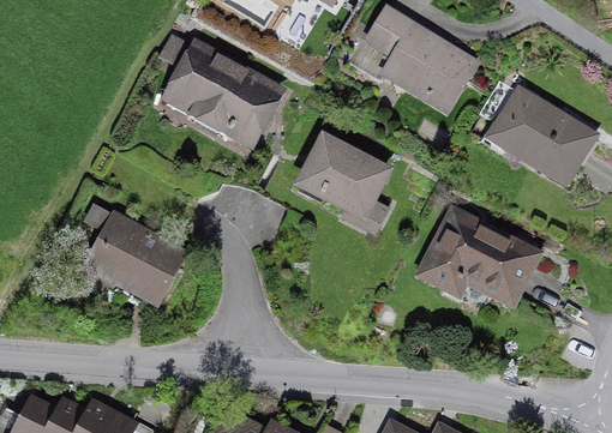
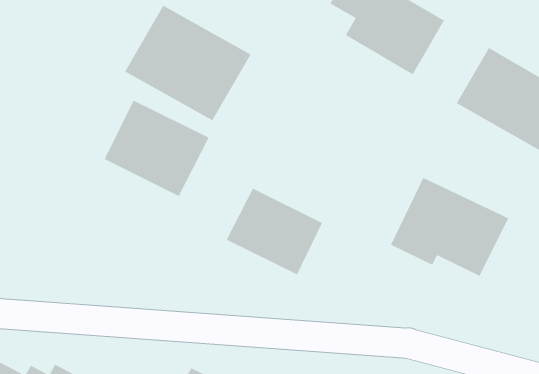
building: [298,136,394,222] -> [226,188,323,275]
building: [86,212,191,308] -> [104,100,210,197]

